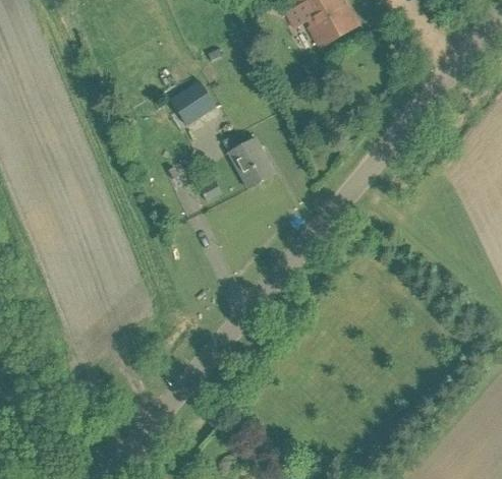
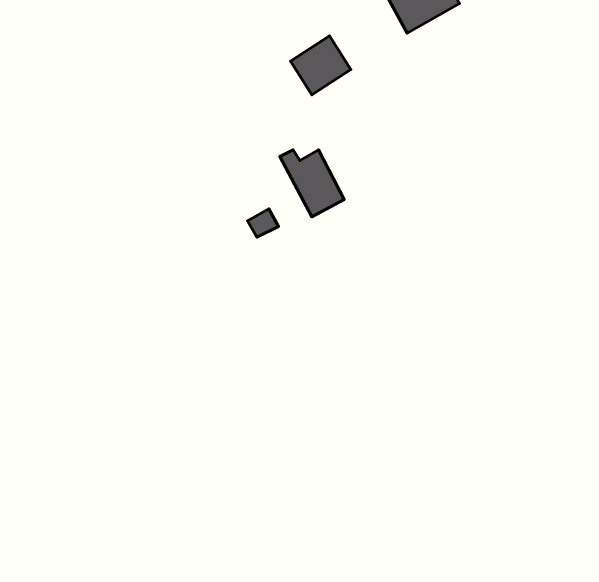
building: [170,79,216,124] -> [291,36,351,95]

